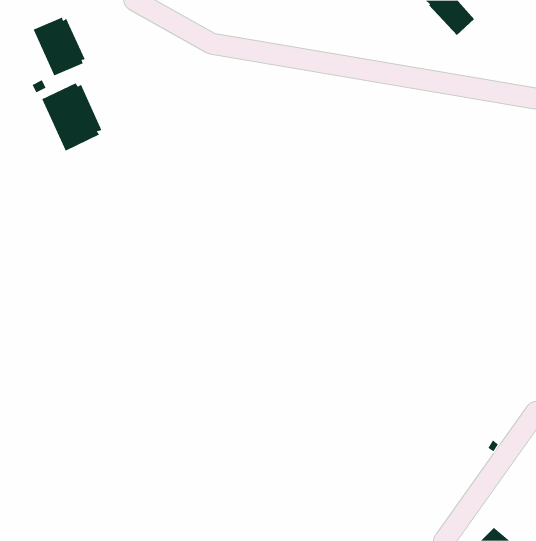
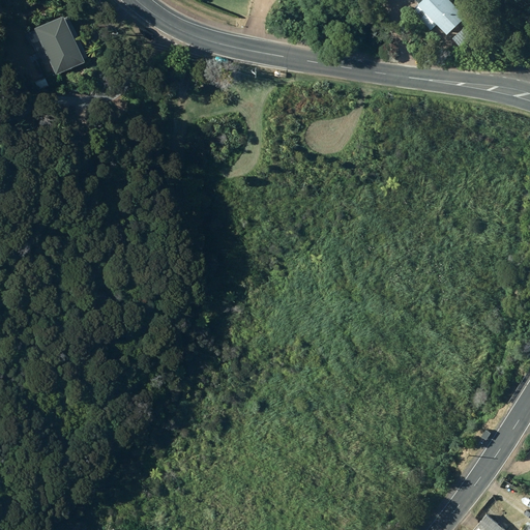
building: [42,82,102,151] -> none

